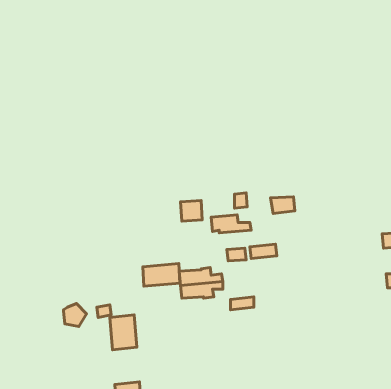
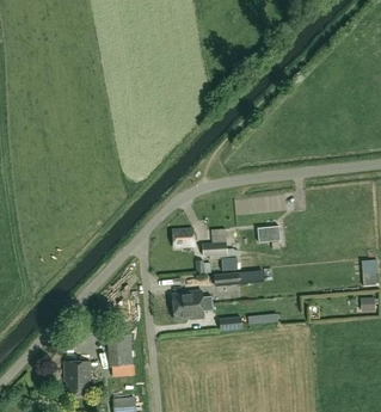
building: [143,264,180,286] -> none
building: none -> [64,363,90,395]

